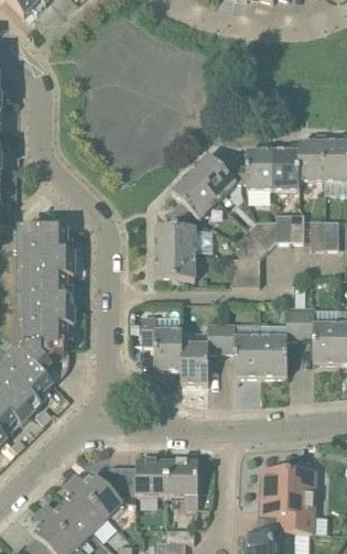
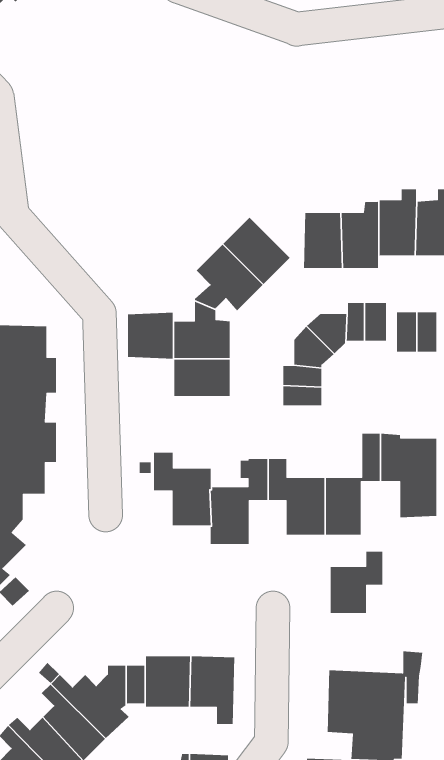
building: none -> [127,312,174,359]
building: none -> [330,551,383,614]

